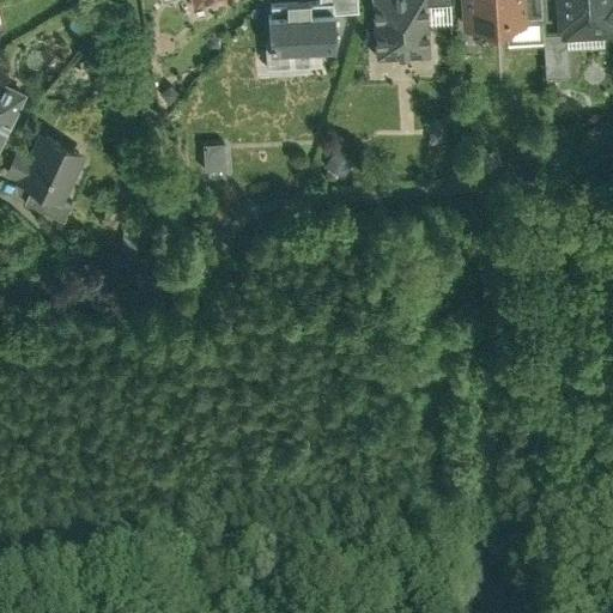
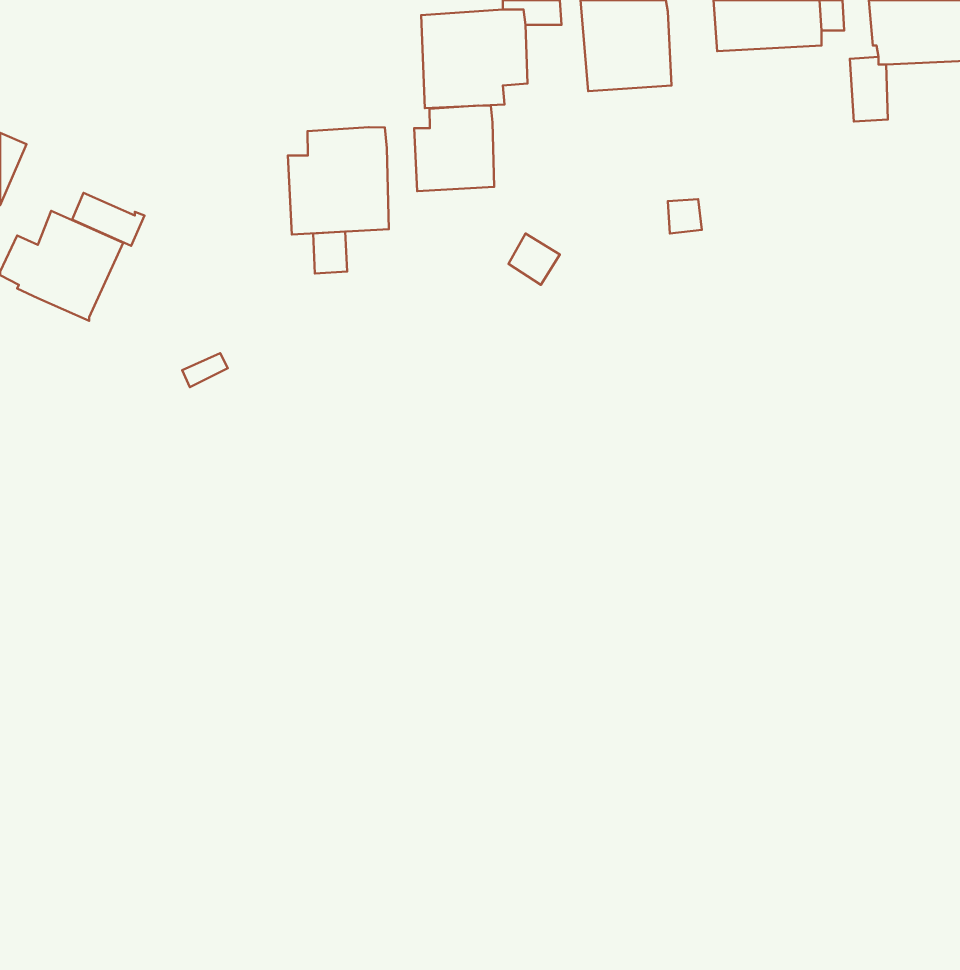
building: none -> [414,106,494,191]
building: none -> [288,127,389,234]
building: [23,188,68,221] -> [72,193,144,246]

